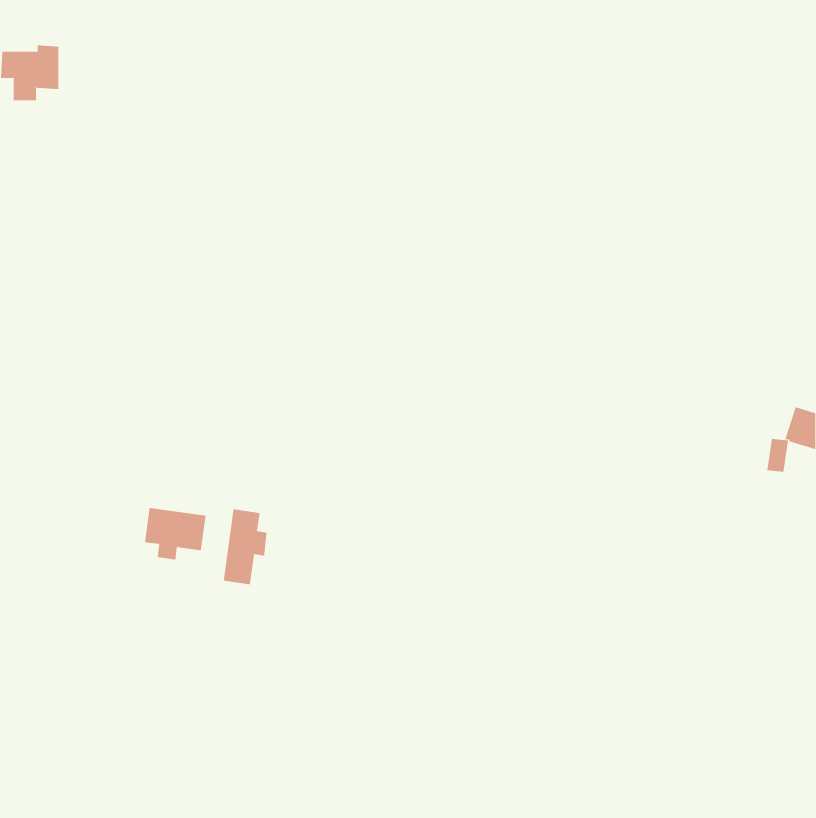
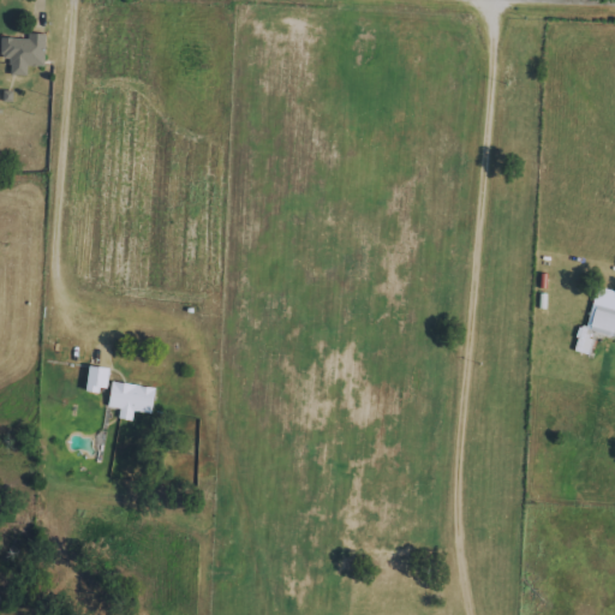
building: none -> [86,365,109,390]
building: [223,509,267,585] -> none

